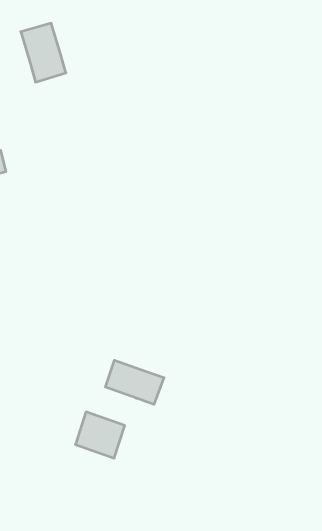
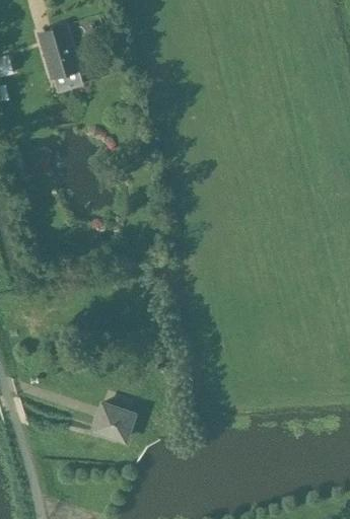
building: [105,360,164,404] -> none

